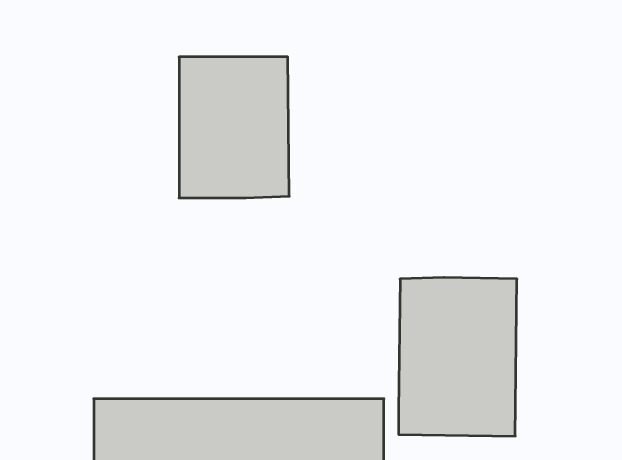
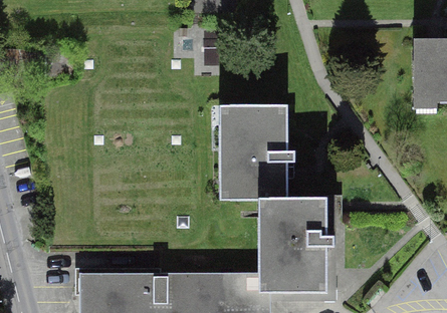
building: [179,57,289,198] -> [222,107,290,195]

